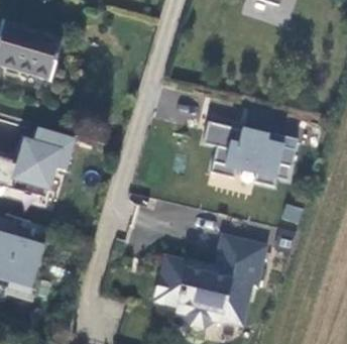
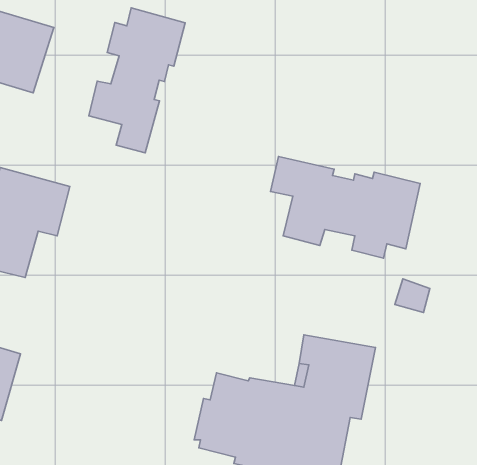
building: none -> [89,8,185,153]

